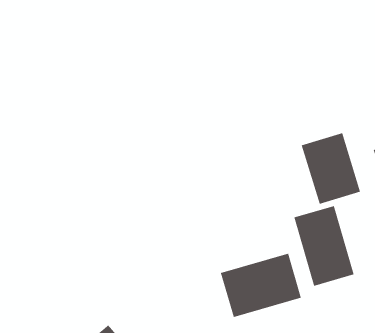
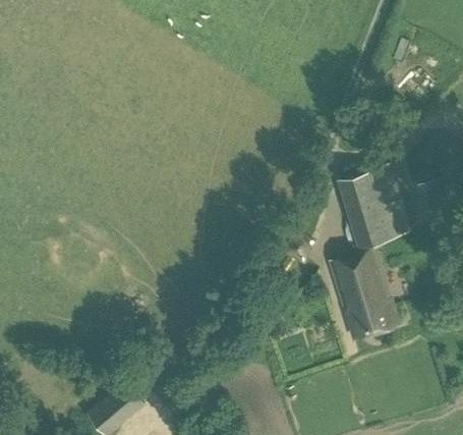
building: [220,253,302,318] -> none

